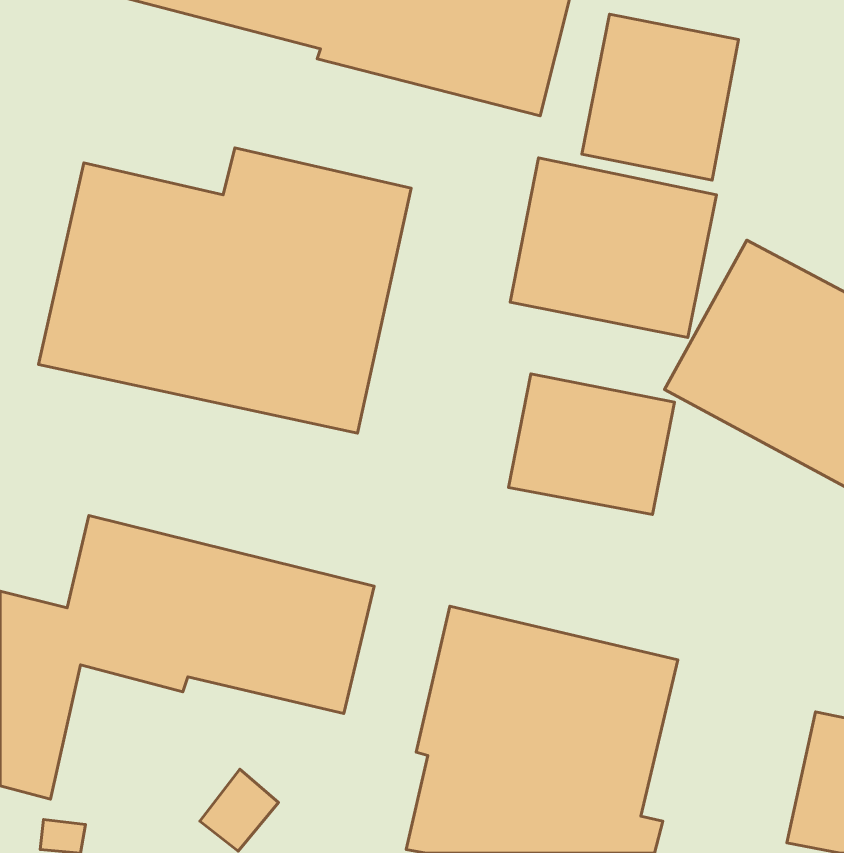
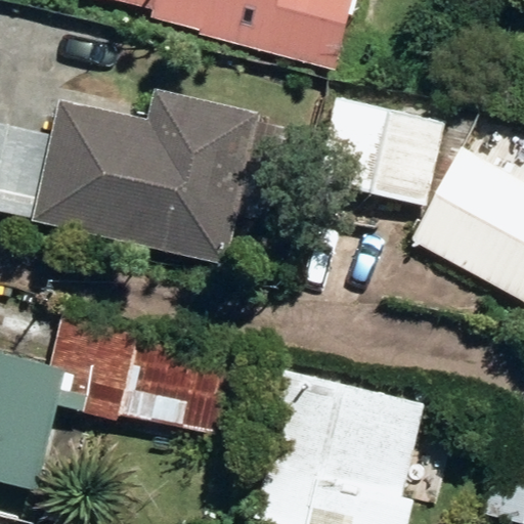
building: [582,14,739,180] -> none
building: [508,374,675,515] -> none

